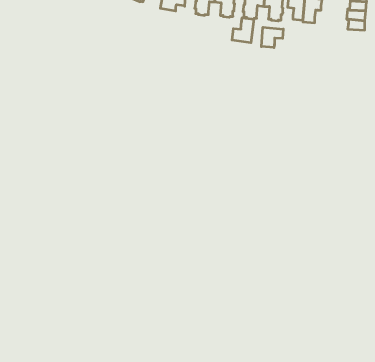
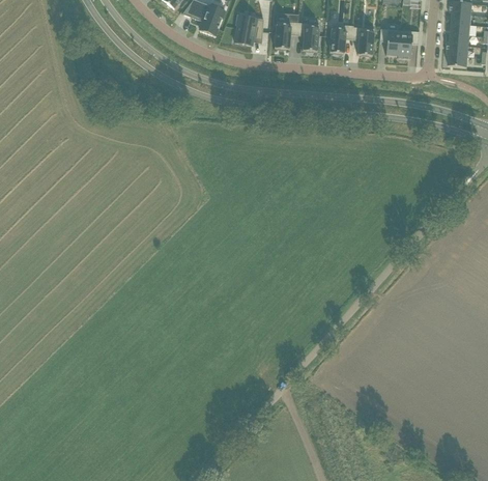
building: [232,18,254,43] -> none
building: [261,27,283,48] -> none

